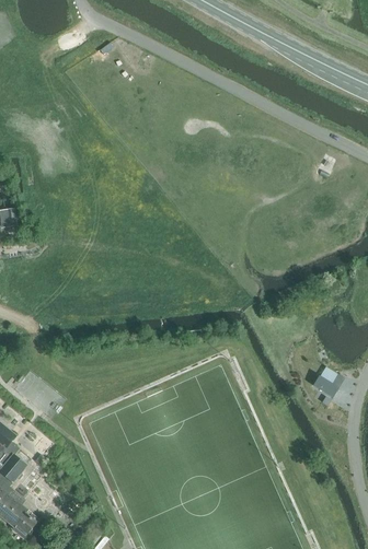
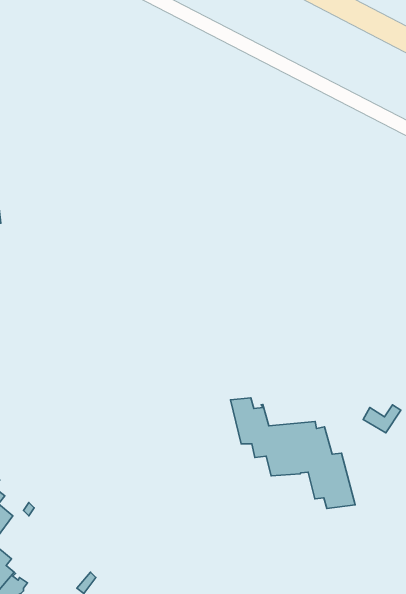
building: none -> [230,398,355,509]

